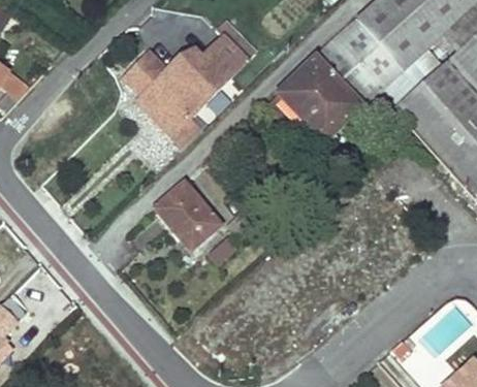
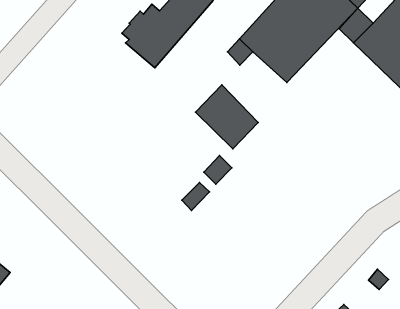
building: [124,47,191,126] -> none
building: [156,182,219,248] -> [196,85,258,149]

